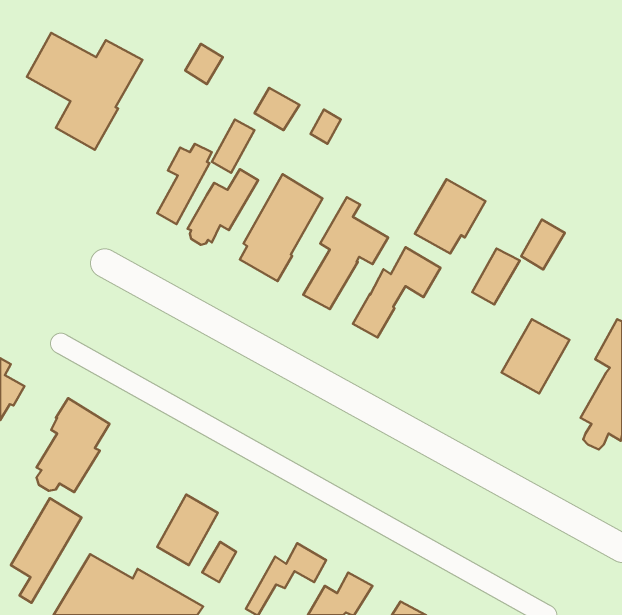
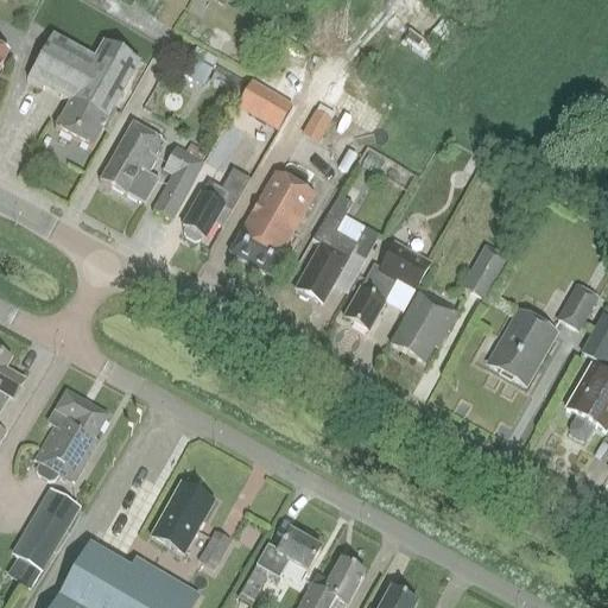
building: none -> [99,119,167,202]
building: [415,179,485,253] -> [390,289,458,361]
building: [521,220,565,269] -> [556,281,598,330]

